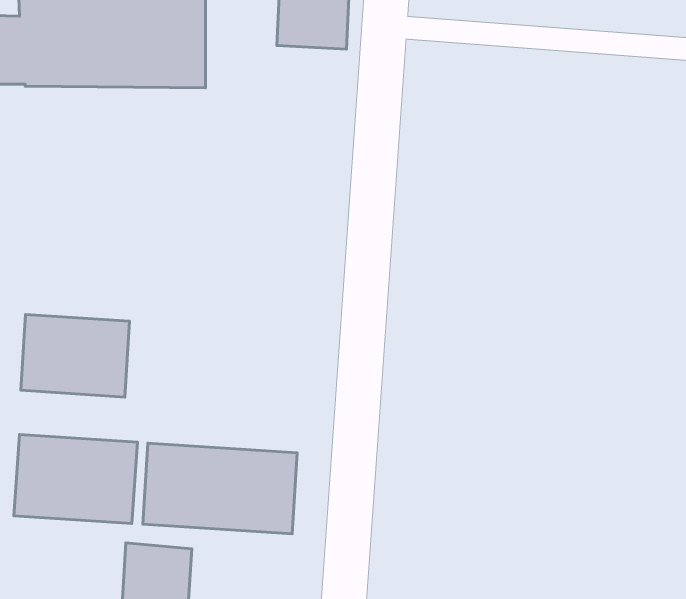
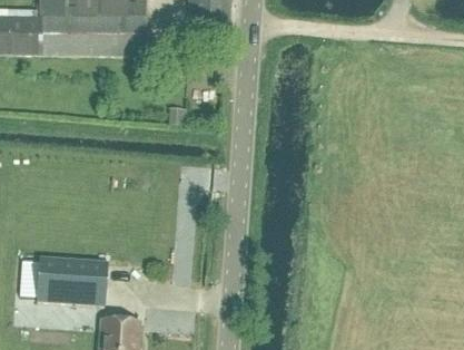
building: [21,314,129,397] -> none
building: [143,443,297,534] -> none

